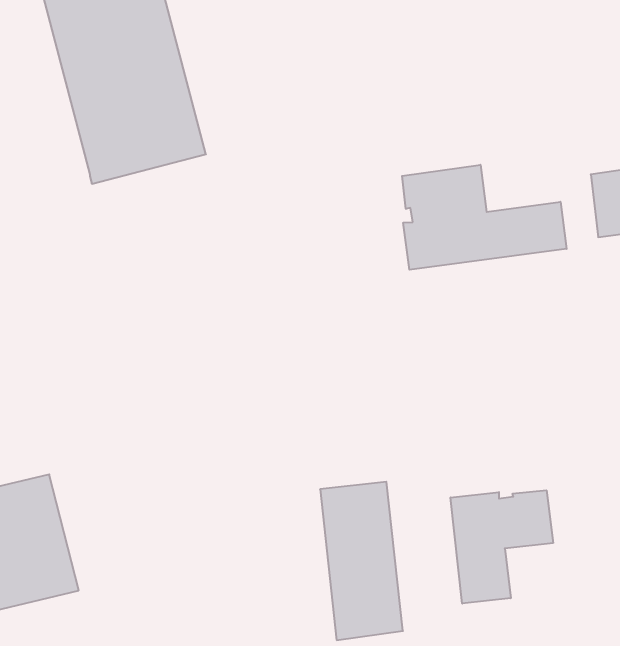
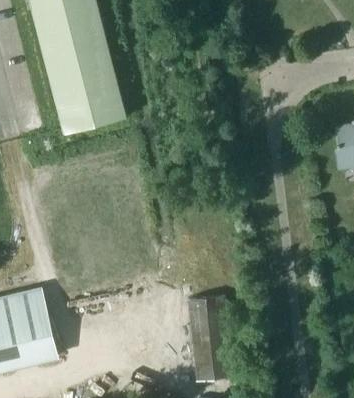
building: [402,165,567,270] -> none
building: [451,490,553,604] -> none

